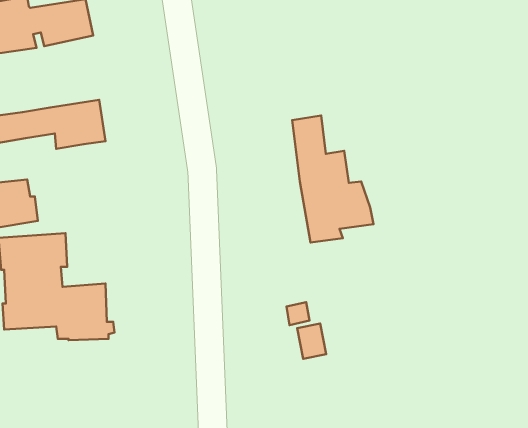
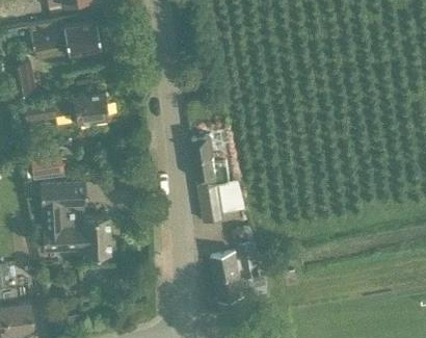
building: [292,116,373,243] -> [192,136,247,223]
building: none -> [212,253,270,309]

